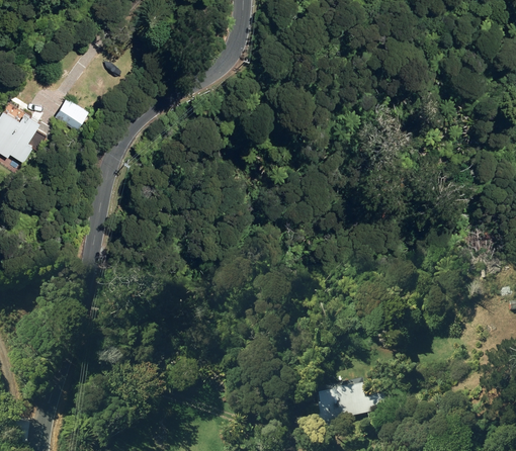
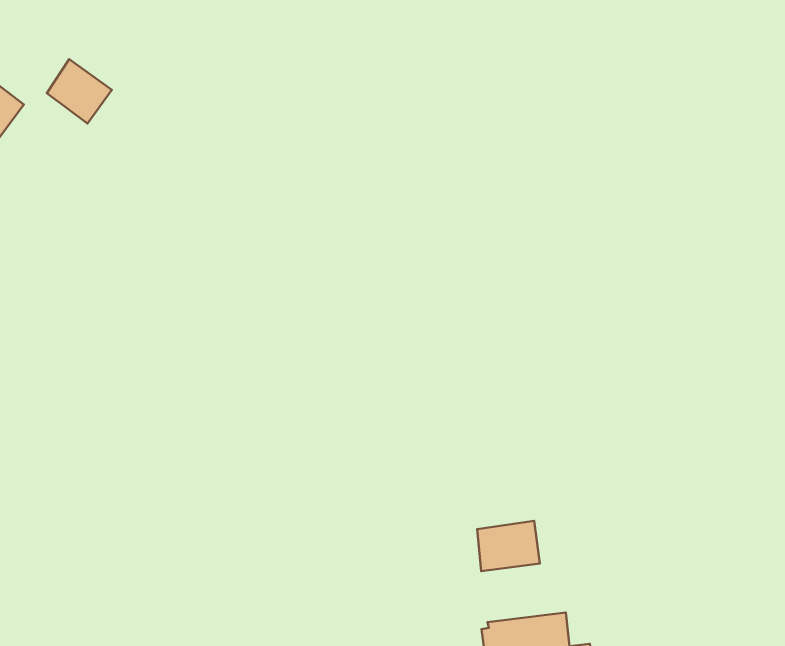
building: none -> [477,521,540,571]

